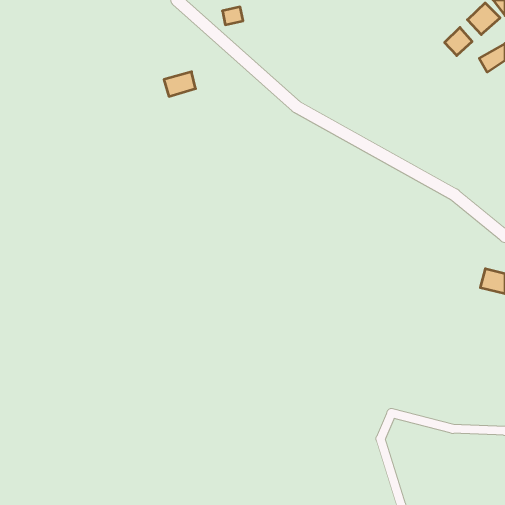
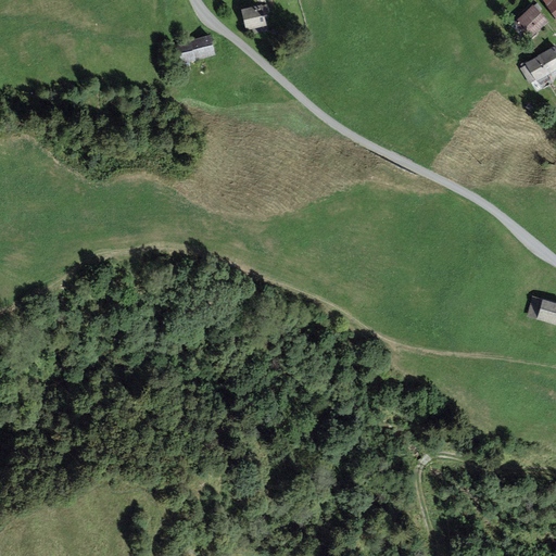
building: [445,27,472,56] -> none
building: [164,72,196,96] -> [176,37,211,64]

